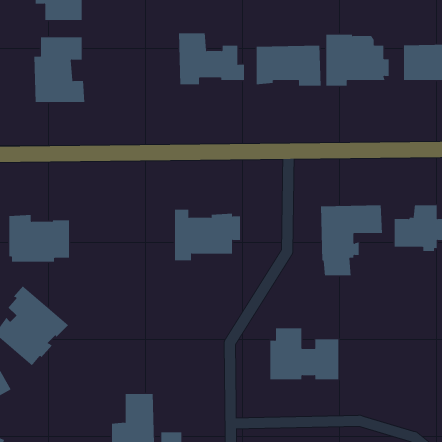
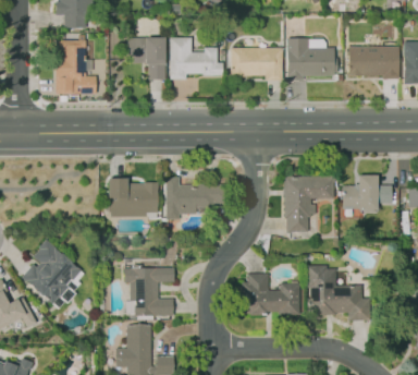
building: none -> [128,37,168,80]
building: [8,214,70,262] -> [109,178,158,216]
building: none -> [124,264,174,316]
building: none -> [307,265,370,320]

